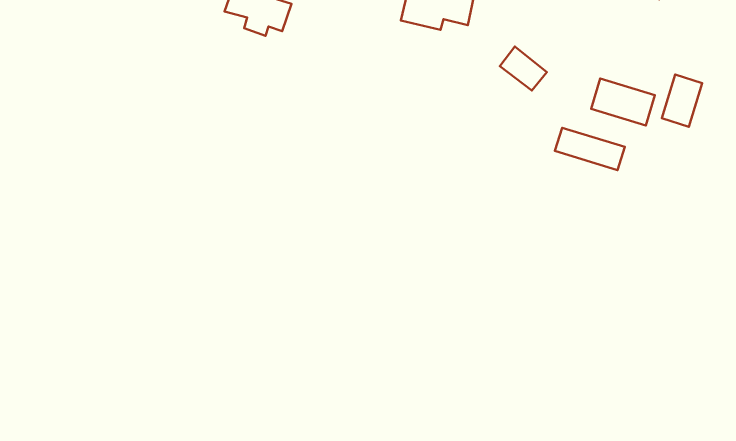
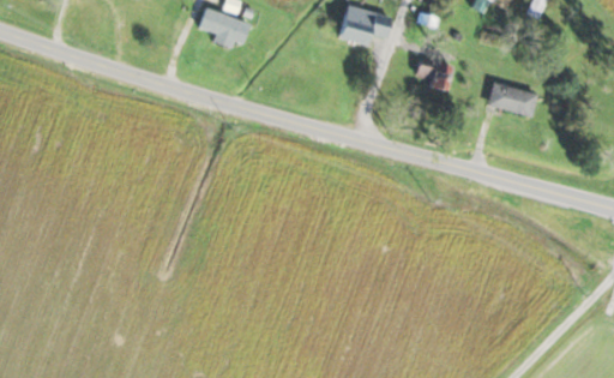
building: [662,75,702,127] -> none
building: [555,128,625,170] -> none

